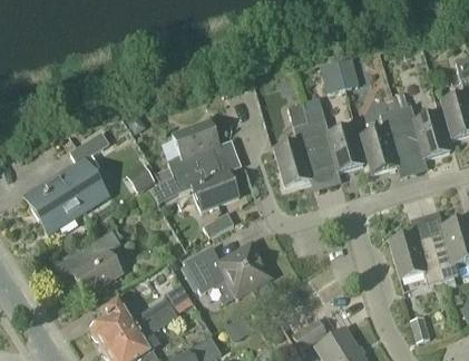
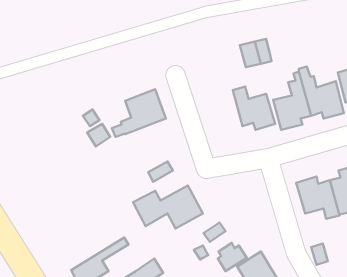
building: [273,101,321,186] -> none
building: [23,134,106,234] -> none
building: [173,157,237,209] -> none
building: [70,230,120,294] -> none
building: [90,294,172,349] -> none

